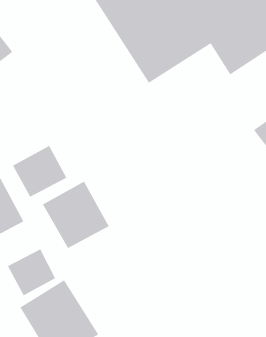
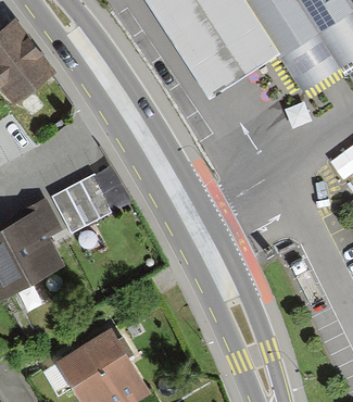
building: [42,181,109,249] -> none
building: [7,248,56,296] -> none

